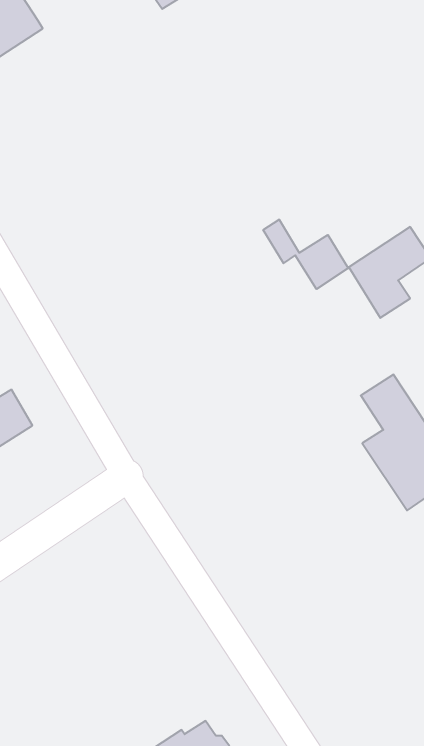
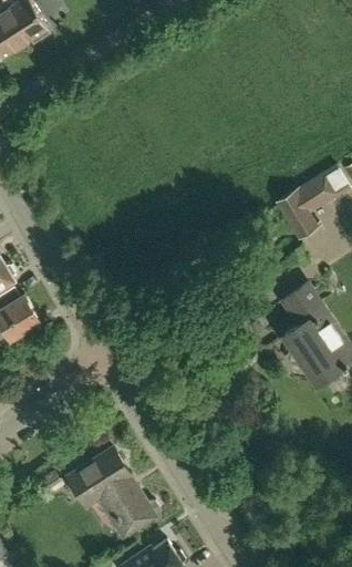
building: [263,219,348,289] -> none
building: none -> [66,449,159,537]

